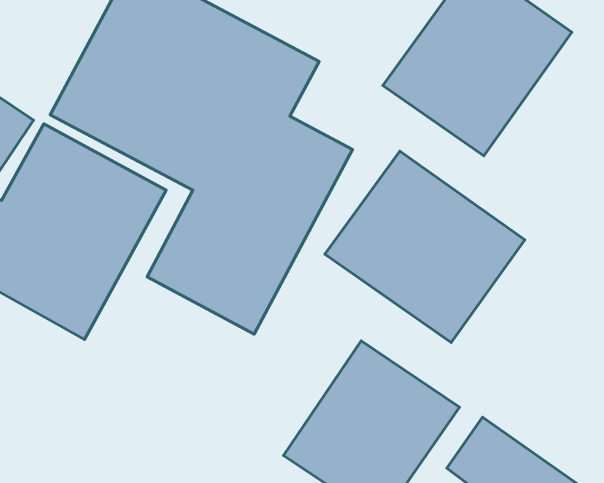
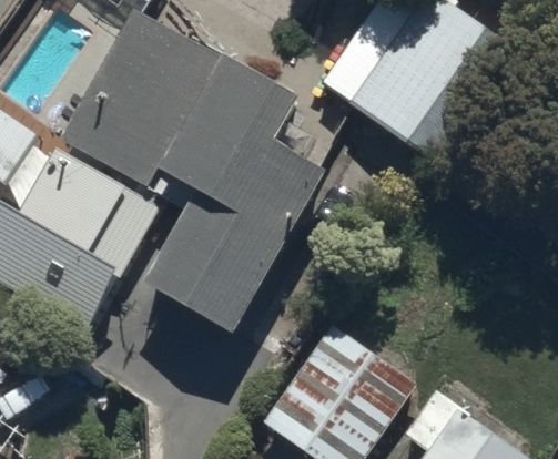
building: [325,151,525,343] -> none

